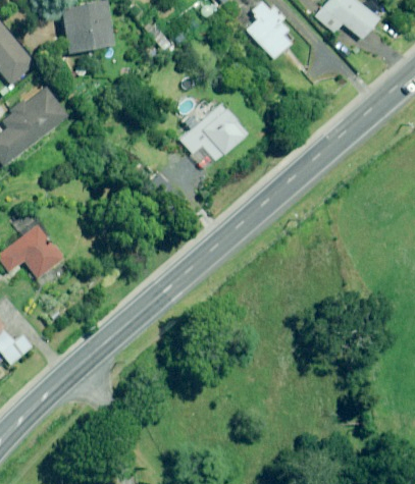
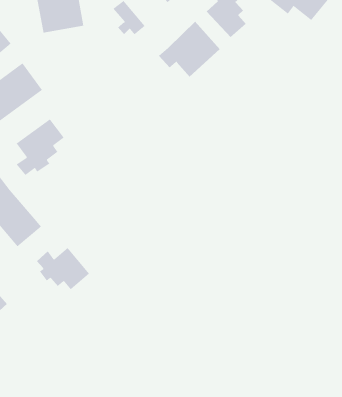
building: [178,102,246,163] -> [158,21,221,78]
building: none -> [16,118,65,176]
building: none -> [36,247,90,290]

